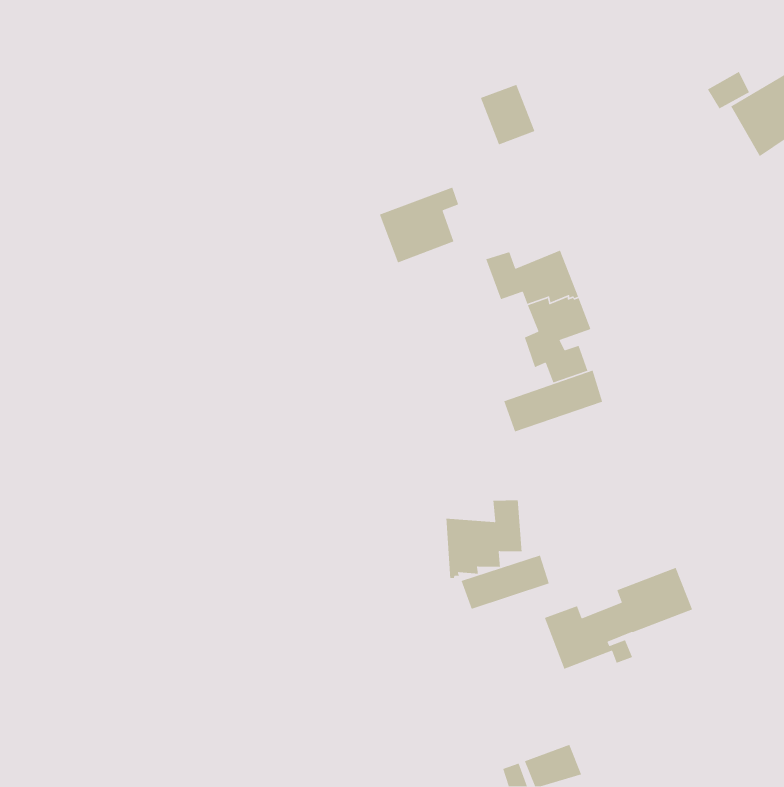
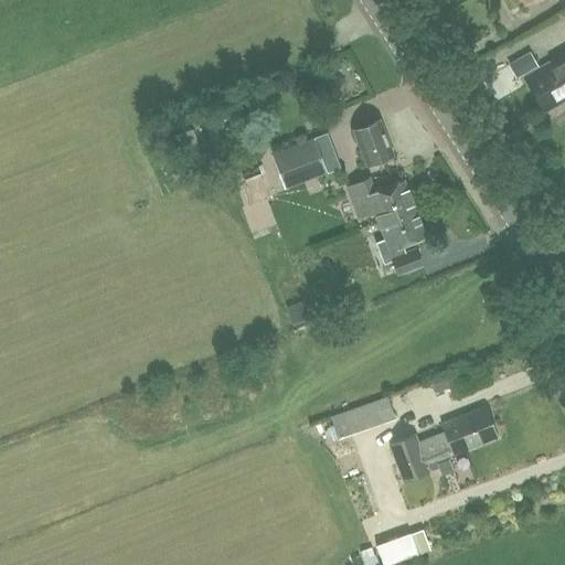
building: [480,84,535,145] -> [355,120,395,164]
building: [503,370,603,433] -> none
building: [446,499,523,579] -> none

